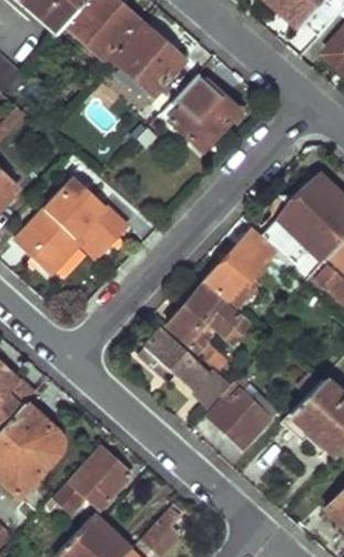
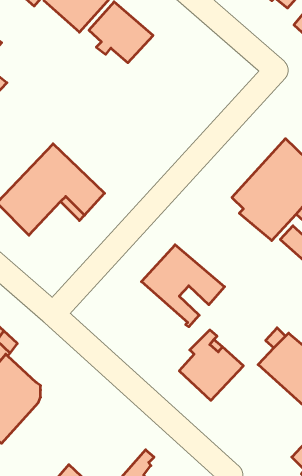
building: [170,83,235,150] -> none
building: [206,226,284,306] -> none
building: [139,325,231,407] -> none
building: [61,447,130,508] -> none

